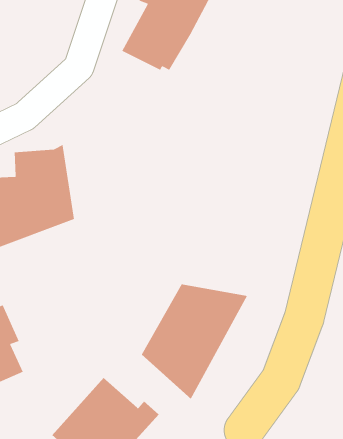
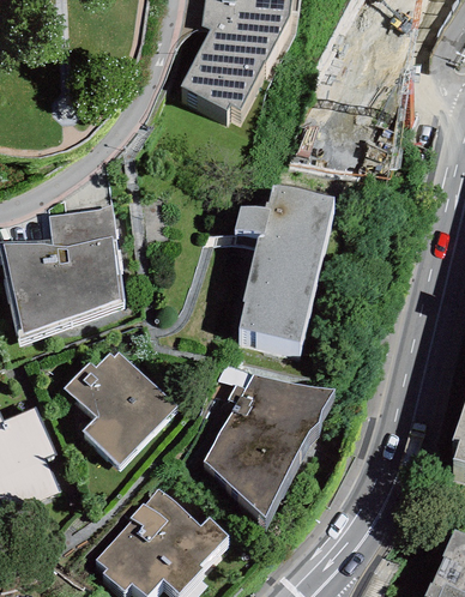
building: none -> [234,189,332,349]
building: none -> [64,350,174,462]

